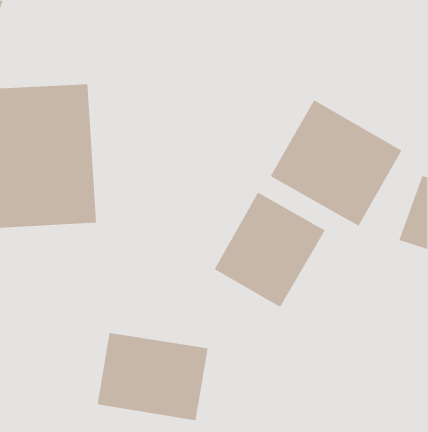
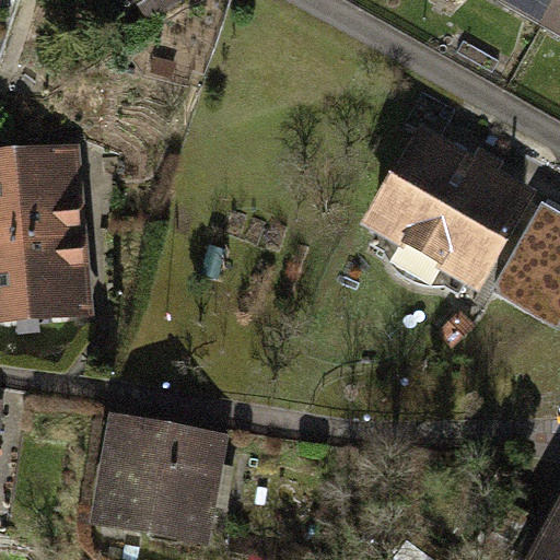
building: [214,192,325,308] -> none

